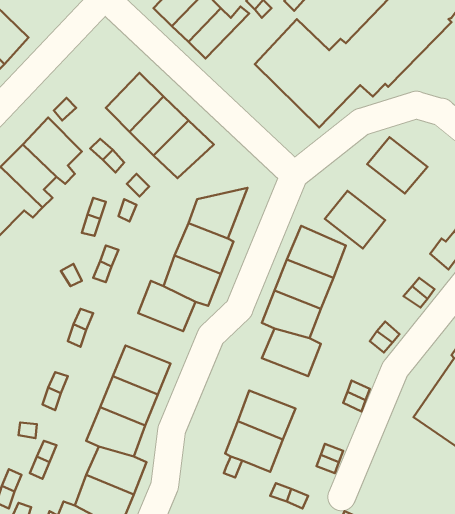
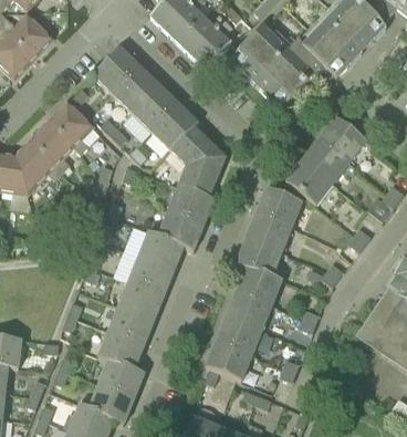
building: none -> [191,19,232,67]
building: none -> [93,46,139,93]
building: none -> [169,126,225,165]
building: none -> [303,137,348,181]
building: none -> [128,254,174,294]
building: none -> [226,290,283,330]

